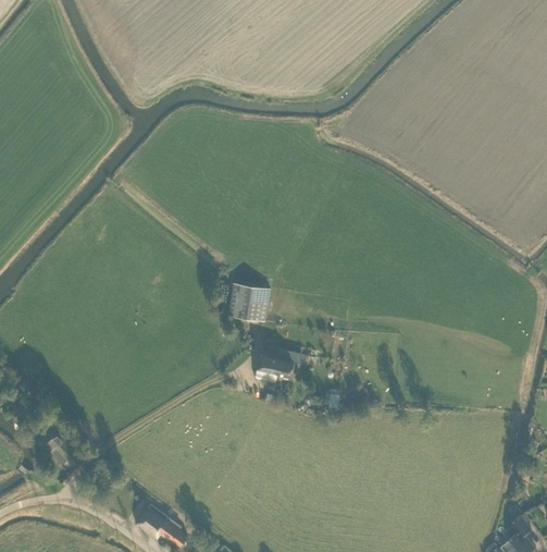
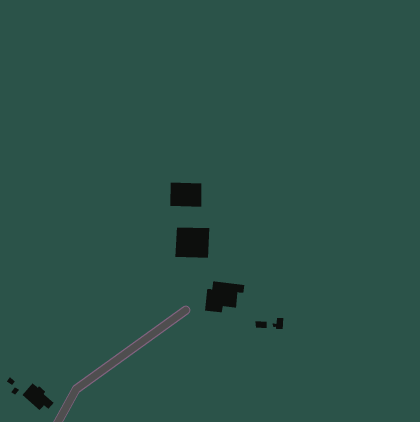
building: none -> [170,182,202,207]

